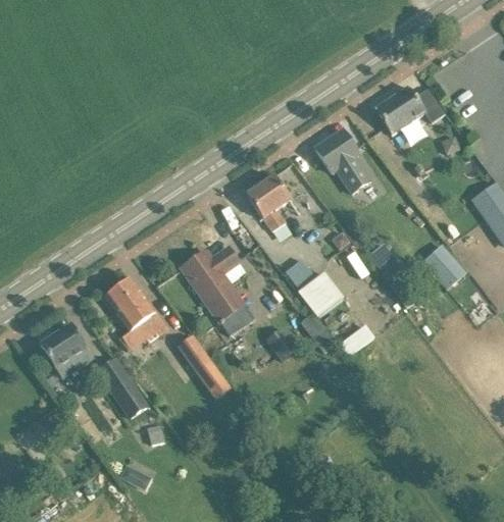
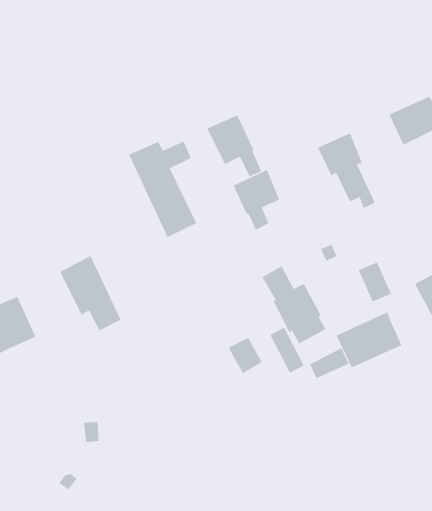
building: none -> [206,114,262,177]
building: [182,247,253,335] -> [128,141,197,238]
building: none -> [336,312,402,368]
building: [179,334,233,397] -> none
building: [97,357,147,418] -> none

